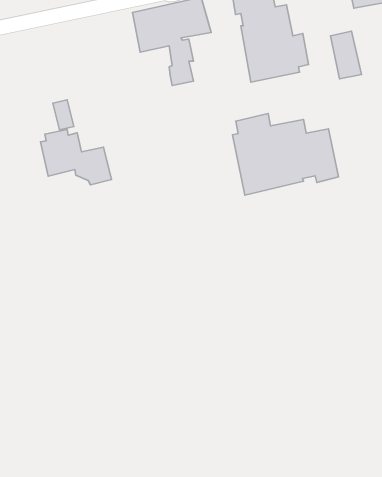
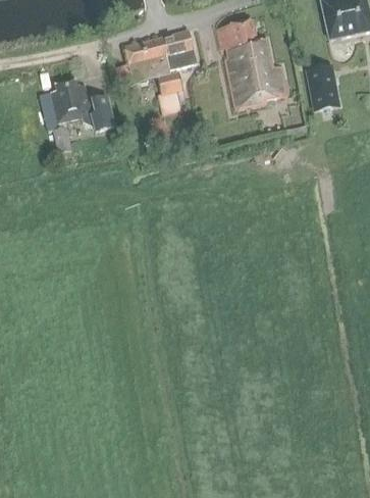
building: [232,114,338,195] -> none
building: [41,130,111,185] -> [51,80,116,131]

